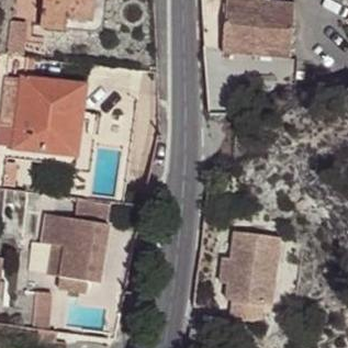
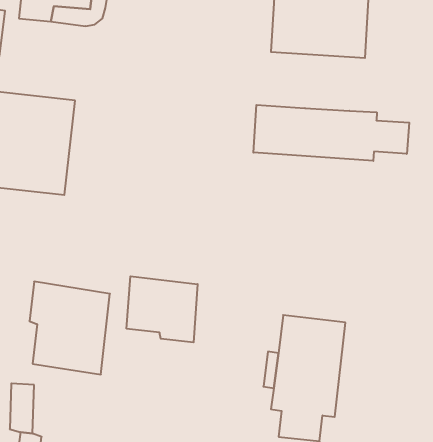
building: none -> [253,105,409,161]
building: none -> [127,276,198,342]

